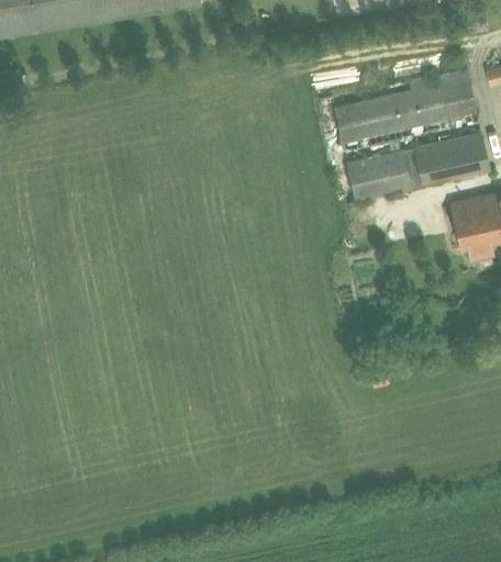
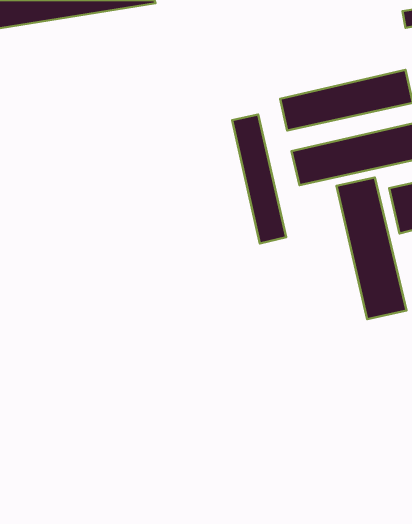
building: none -> [232,114,286,243]
building: none -> [337,177,406,319]

